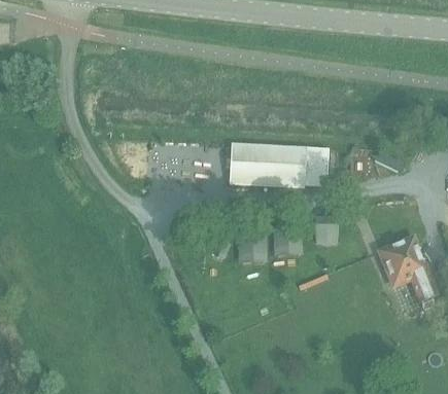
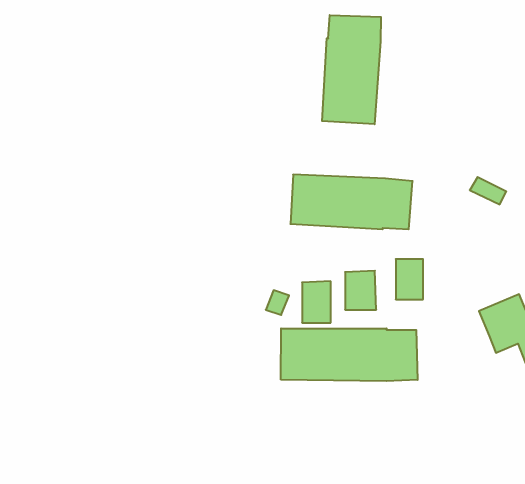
building: none -> [322,15,381,124]
building: none -> [281,328,418,381]

